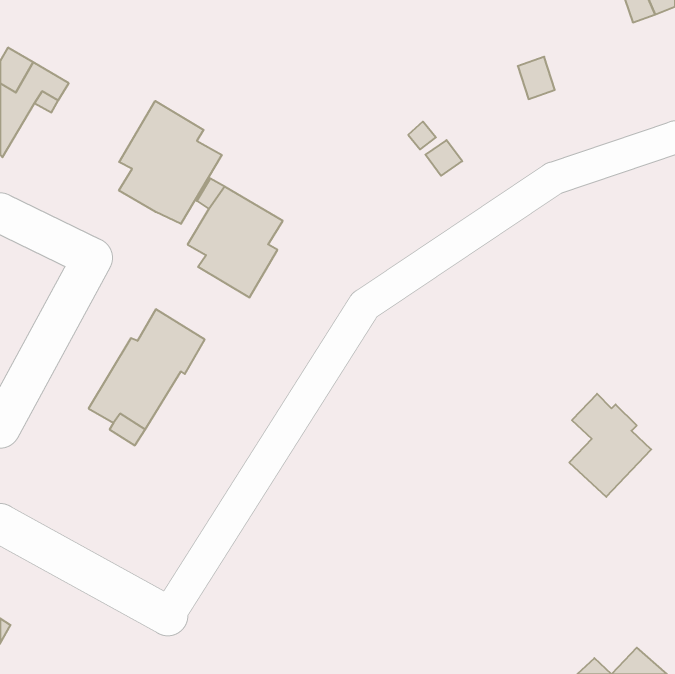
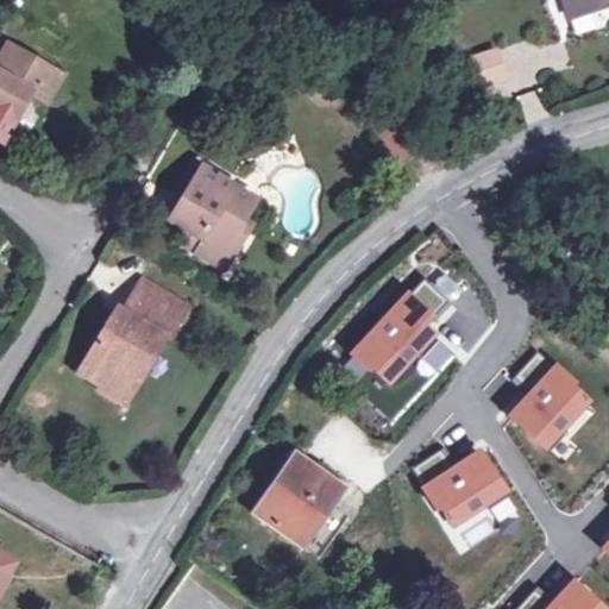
building: [119,101,222,224] -> none
building: none -> [353,283,445,384]
building: none -> [416,450,506,525]
building: none -> [255,453,344,546]

